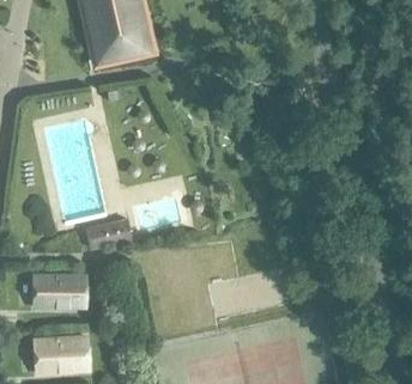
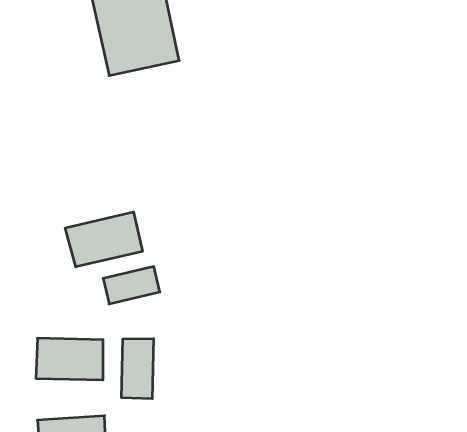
building: none -> [65,212,142,267]
building: none -> [122,339,154,399]

